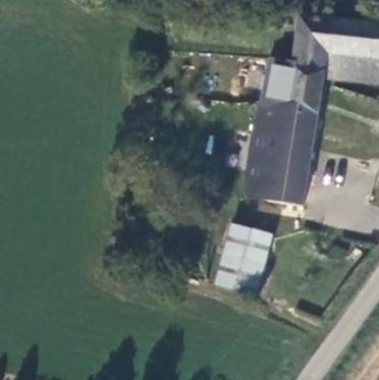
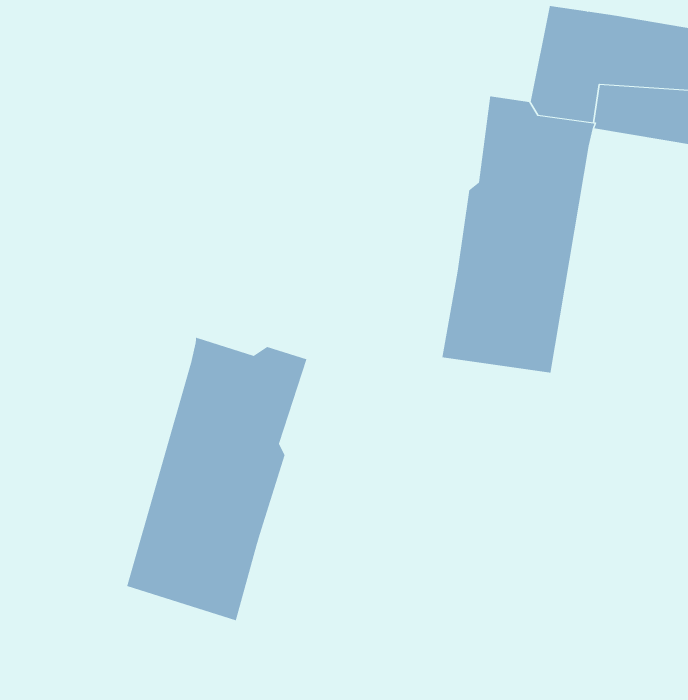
building: none -> [126,337,307,621]
building: [218,226,269,291] -> none

